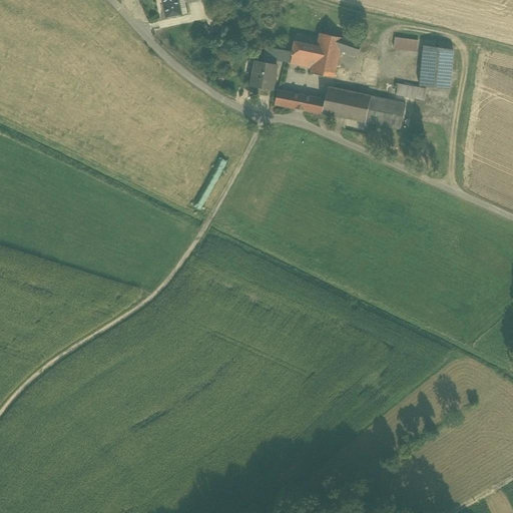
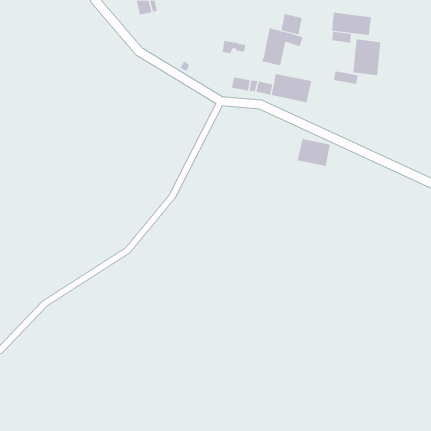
building: none -> [332,12,372,36]
building: [291,42,317,67] -> [281,14,303,35]
building: [250,61,277,90] -> none
building: [365,96,405,129] -> [297,139,331,166]

